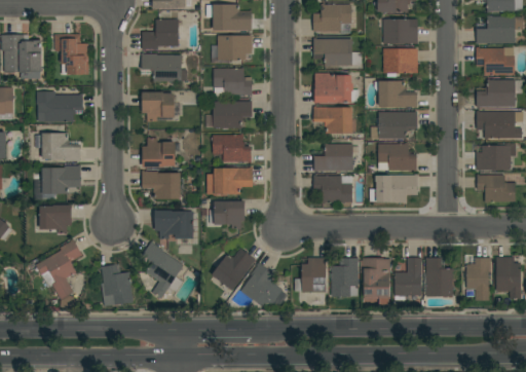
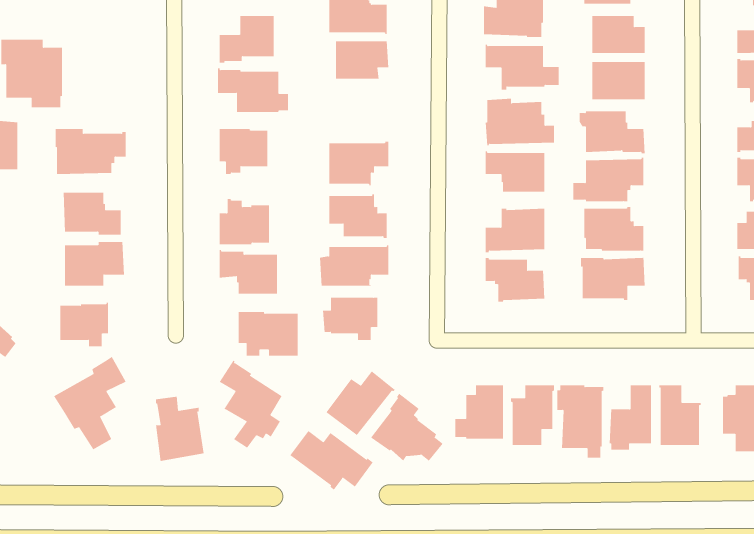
building: [54,35,88,75] -> none
building: [213,68,252,96] -> none
building: none -> [290,430,374,490]

